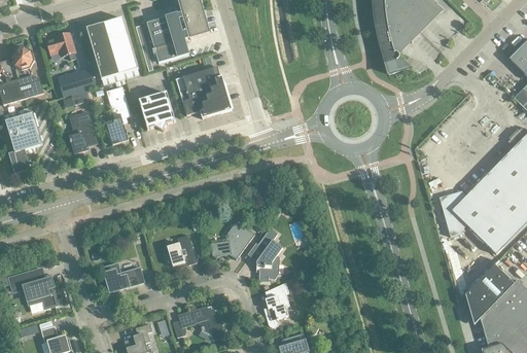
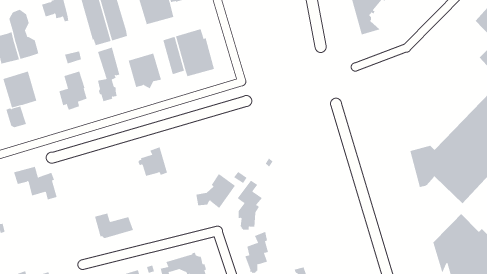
building: [57,69,85,91] -> none
building: [165,234,197,266] -> [138,147,168,177]
building: [9,271,57,307] -> [13,166,58,200]

